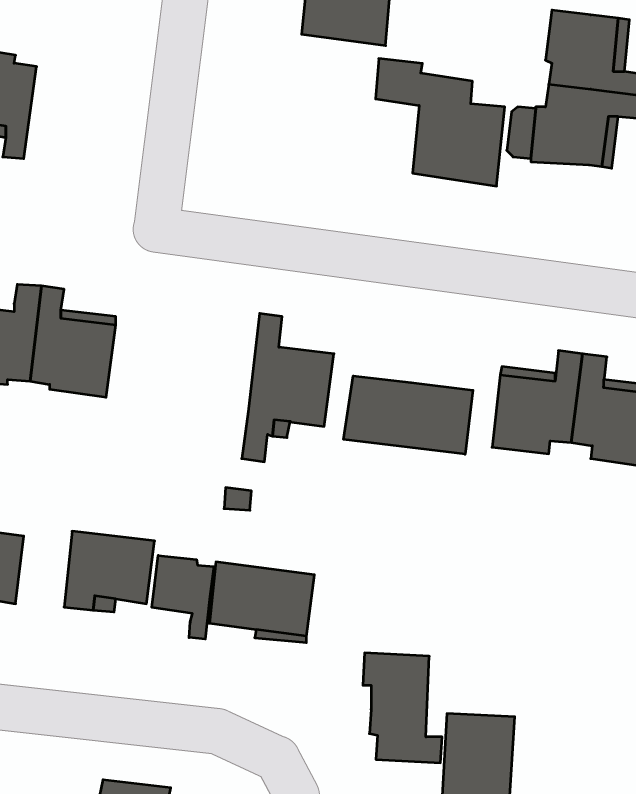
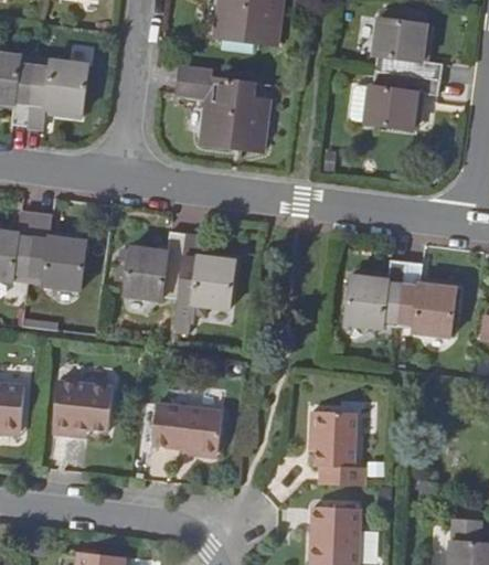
building: [376,59,505,186] -> [176,70,264,157]
building: none -> [24,60,85,129]
building: none -> [123,231,185,301]
building: [344,376,473,454] -> none
building: [152,555,214,639] -> none
building: [363,653,442,763] -> [310,411,364,486]

